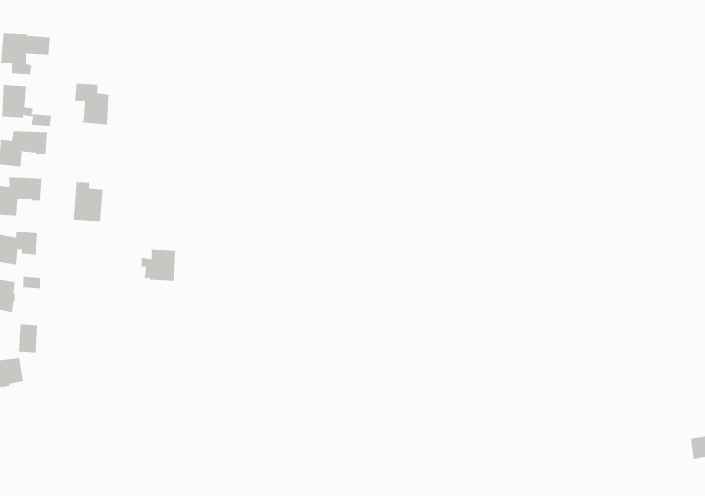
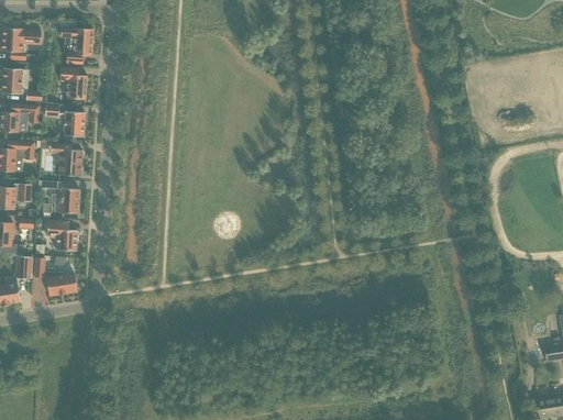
building: none -> [60,27,93,64]
building: none -> [45,106,85,137]
building: [141,249,176,281] -> [52,188,79,213]
building: none -> [47,221,77,251]
building: none -> [34,257,77,296]

